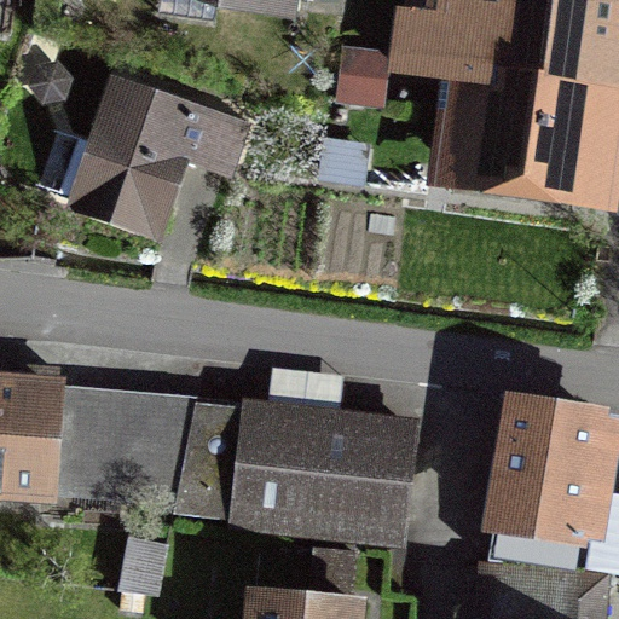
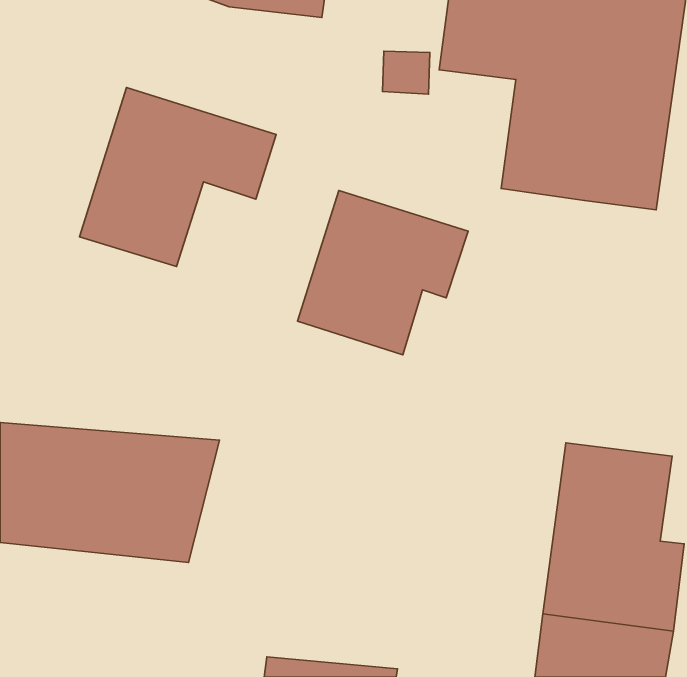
building: none -> [298,191,468,355]
building: [170,395,417,526] -> none

